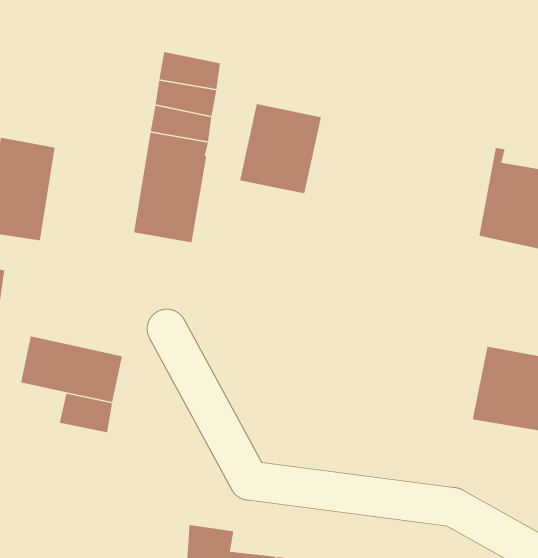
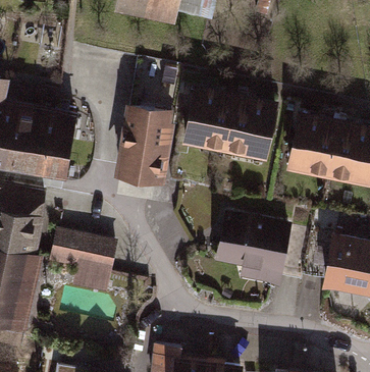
building: none -> [224,102,274,157]
building: none -> [288,119,339,174]
building: none -> [218,219,286,273]

